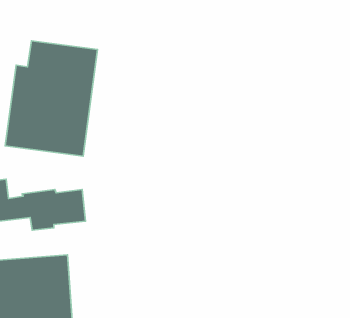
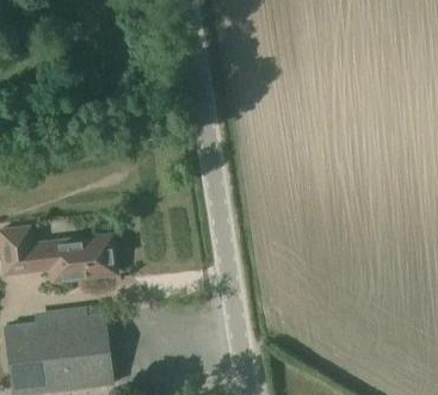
building: [5,41,97,156] -> none

